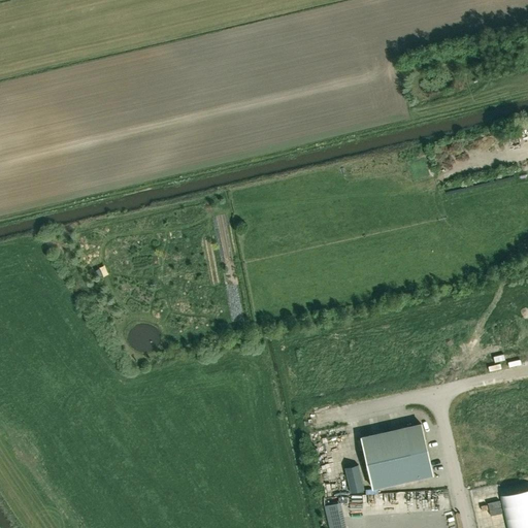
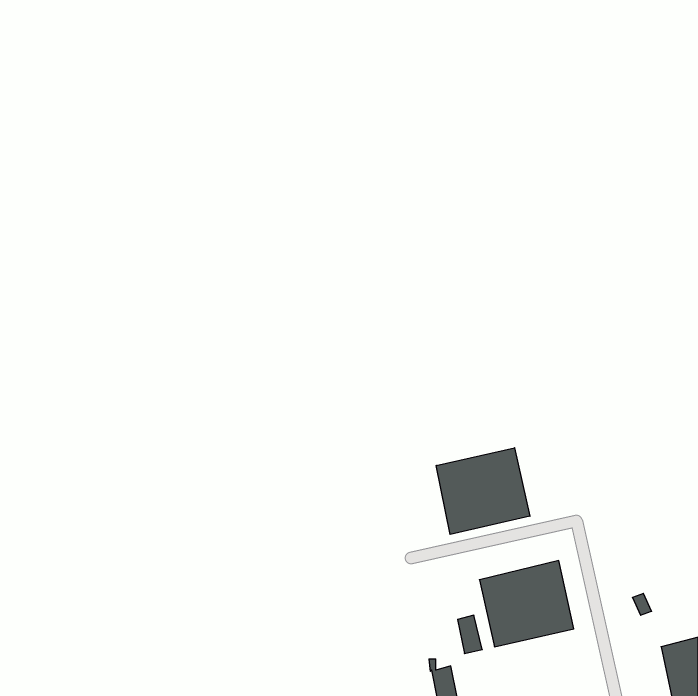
building: none -> [436,448,530,534]

